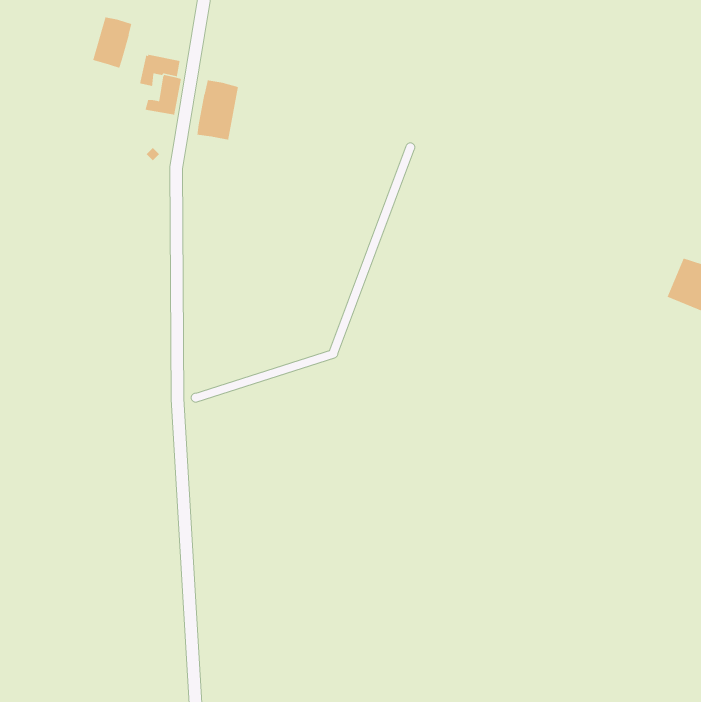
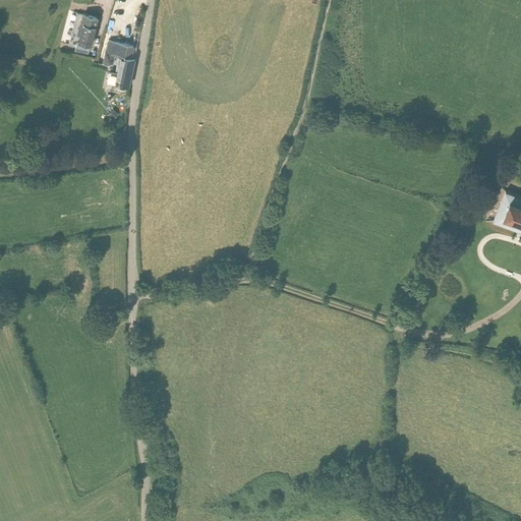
building: [196,80,239,140] -> none

